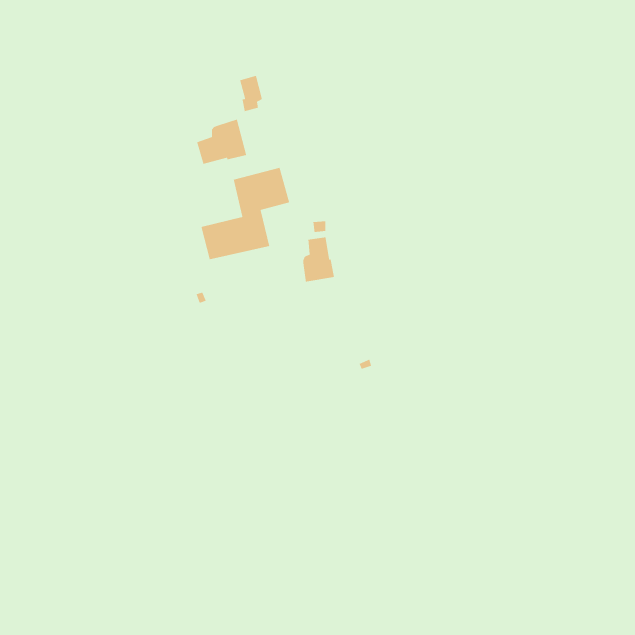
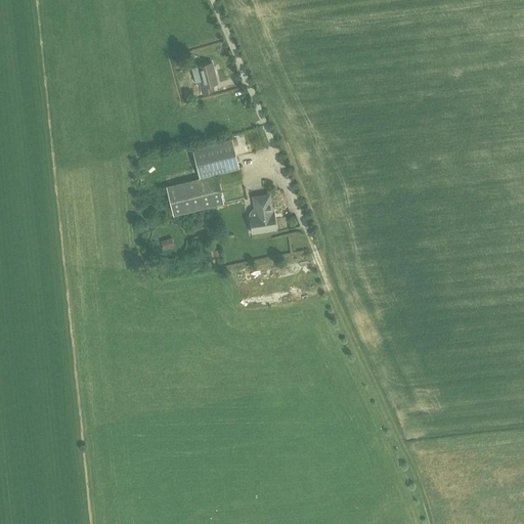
building: [196,119,247,165] -> none

